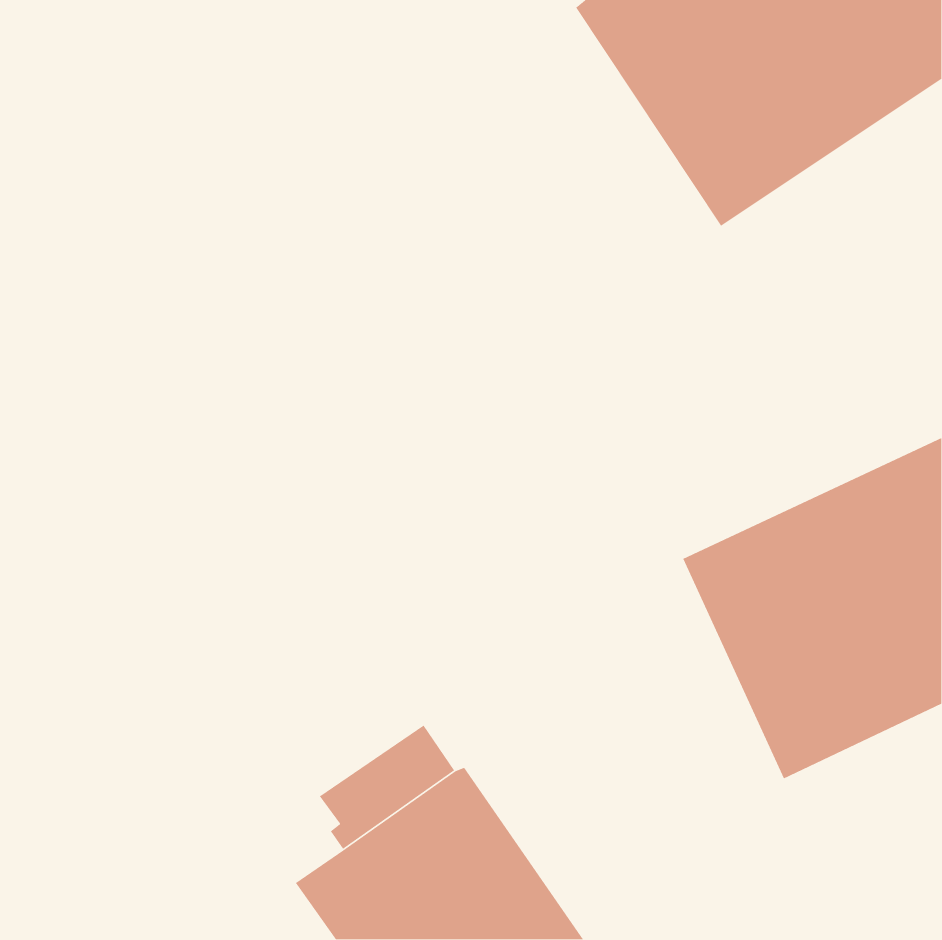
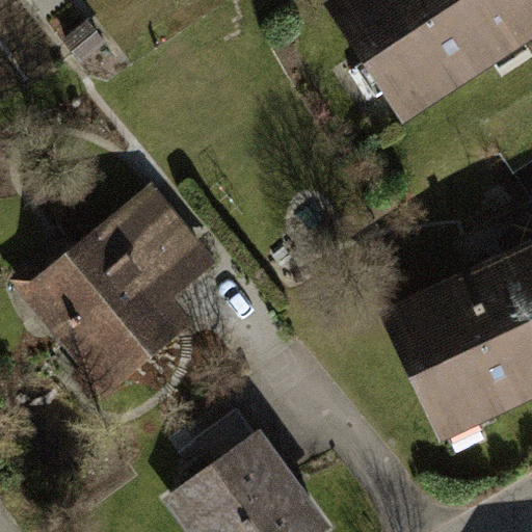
building: none -> [9,187,214,395]

